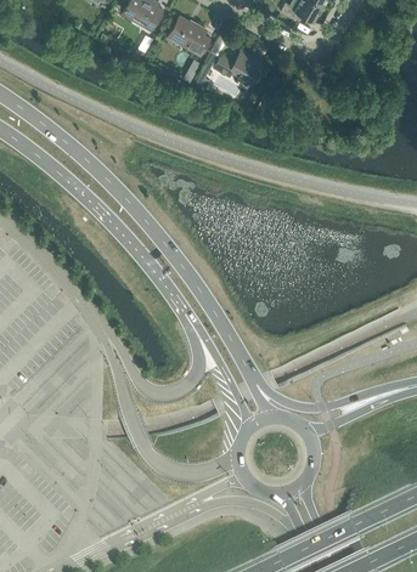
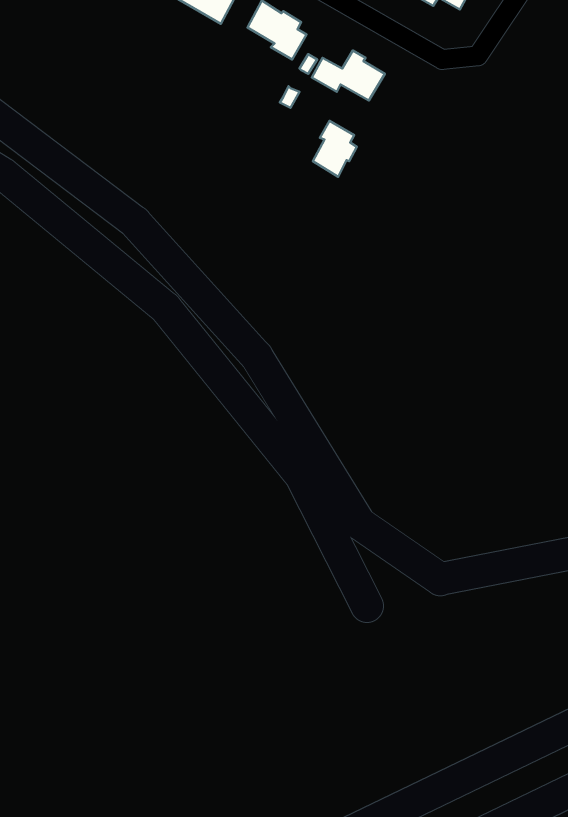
building: none -> [313,121,357,177]

